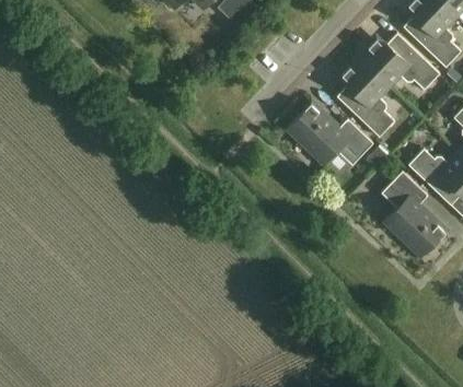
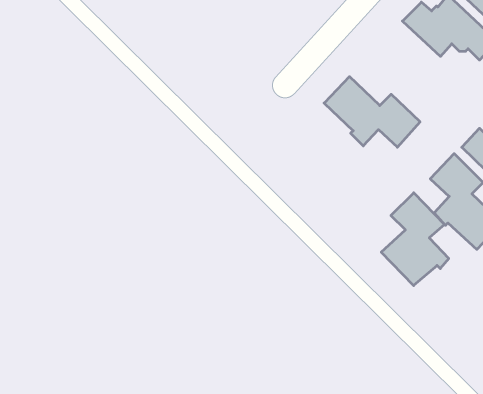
building: [337,56,395,137] -> none
building: none -> [381,193,449,286]

